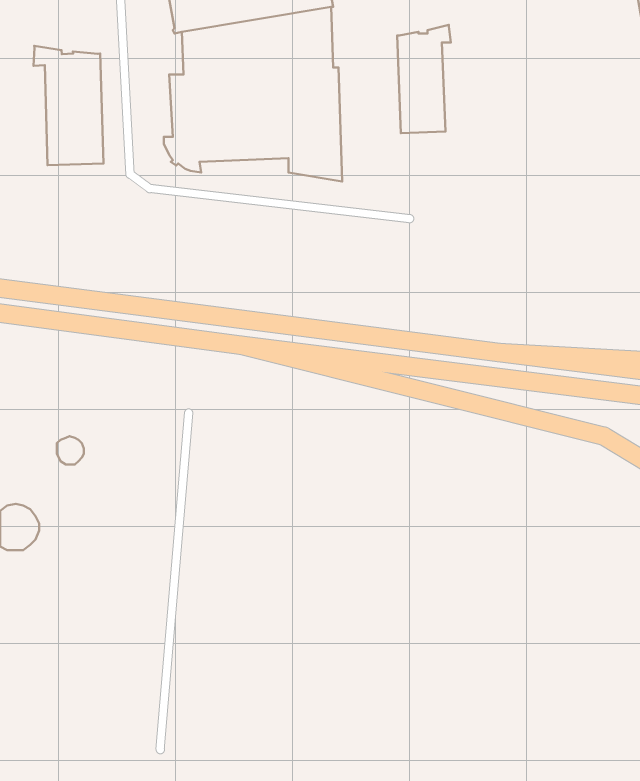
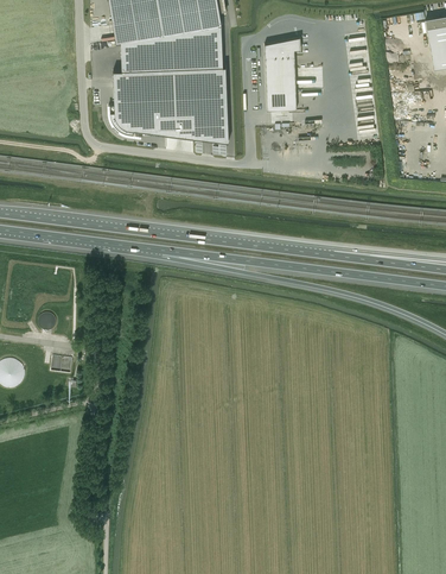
building: [33,46,104,165] -> none

